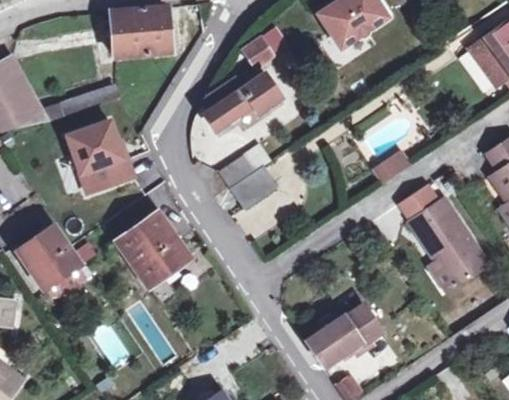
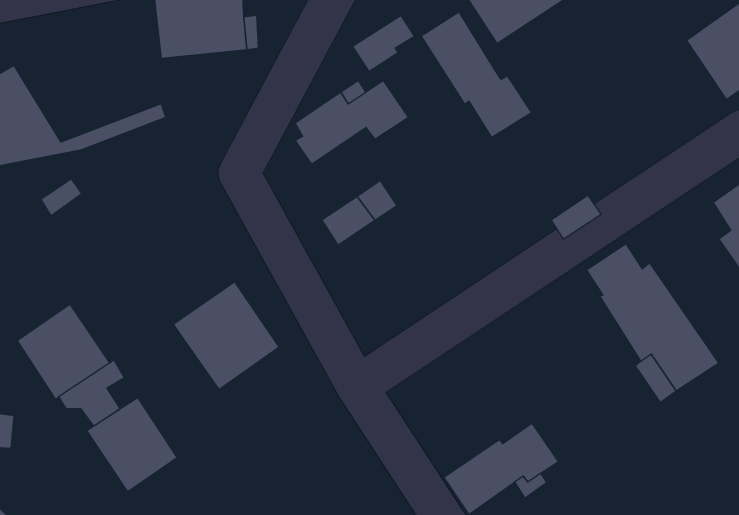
building: none -> [421,12,532,138]
building: [66,121,132,194] -> none
building: [234,164,283,208] -> none
building: none -> [87,397,177,492]

